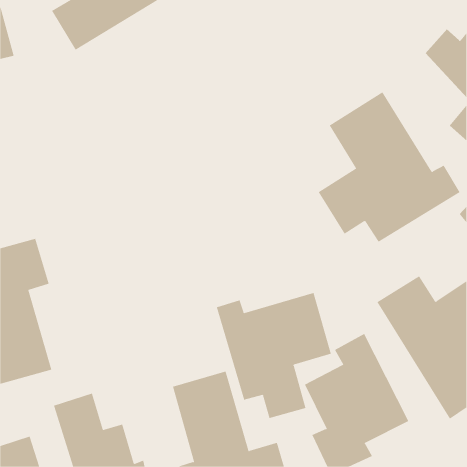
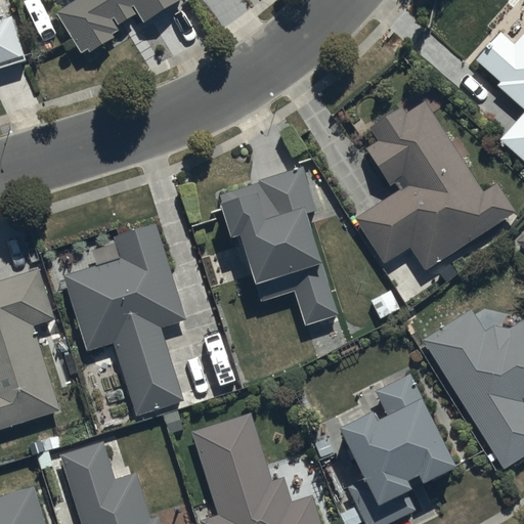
building: none -> [223,172,342,325]
building: none -> [66,221,183,416]
building: [216,292,332,419] -> none

